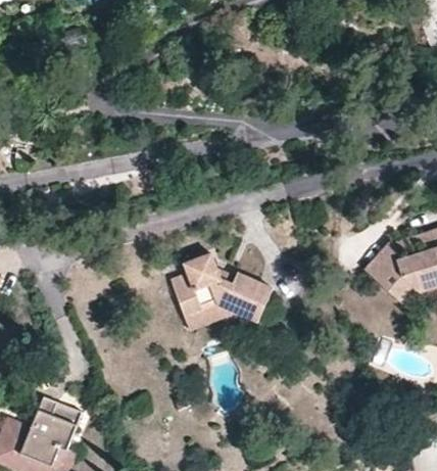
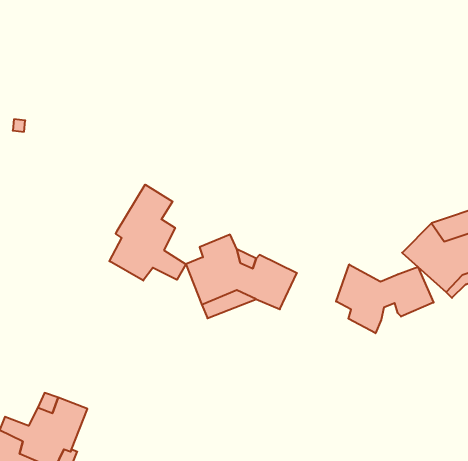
building: none -> [109,185,186,281]
building: none -> [336,264,434,333]

